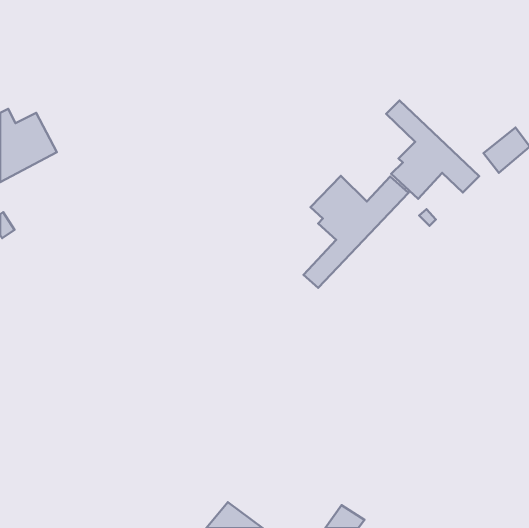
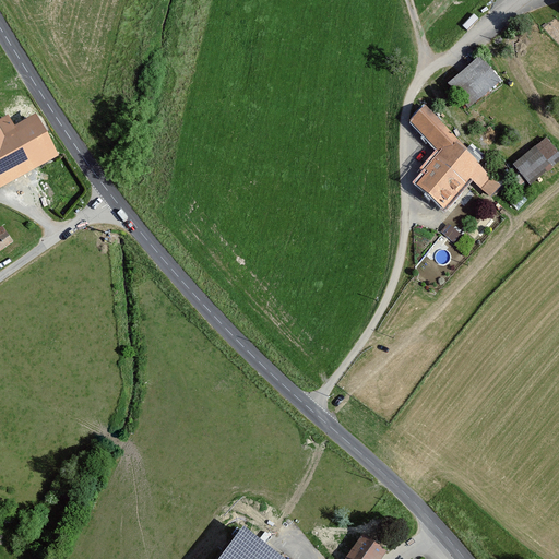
building: none -> [444,55,499,108]
building: [303,176,408,288] -> none

